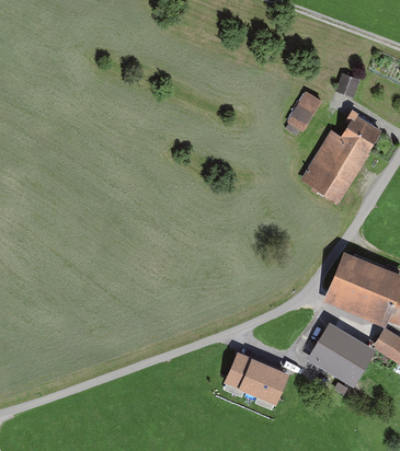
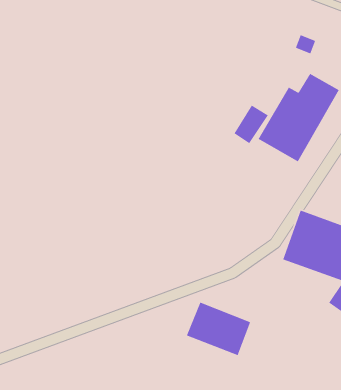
building: [287,91,323,131] -> [233,105,269,144]
building: [306,323,366,381] -> none

